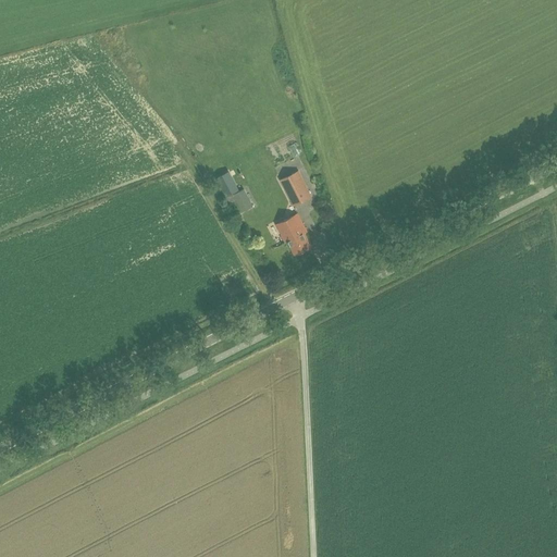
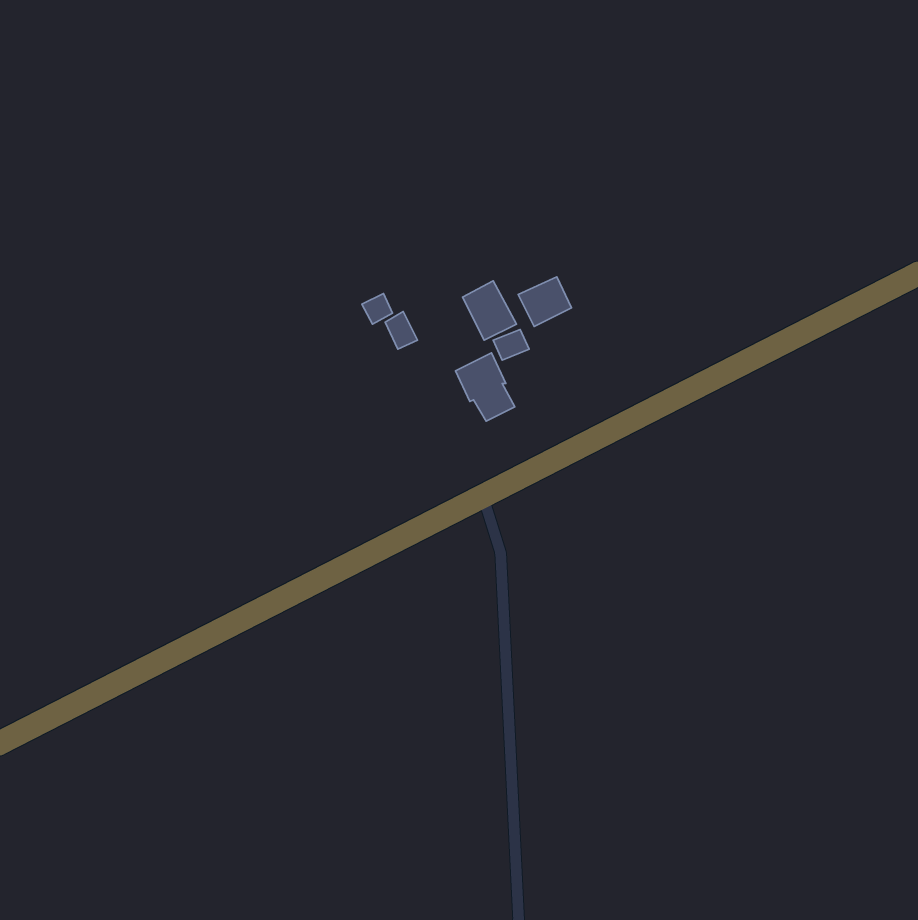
building: none -> [518,277,571,326]

